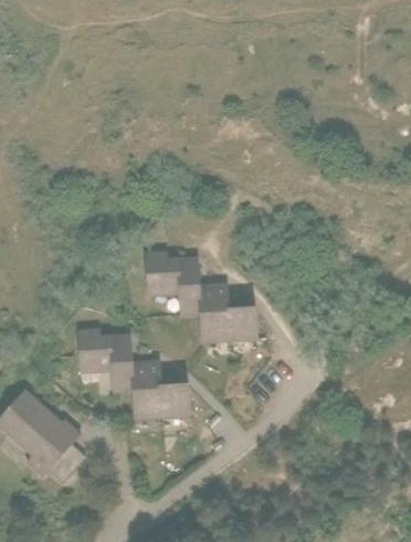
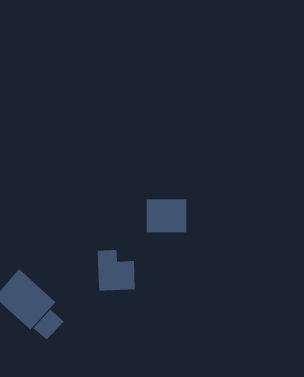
building: [143,250,197,309] -> none
building: [78,325,133,393] -> none

